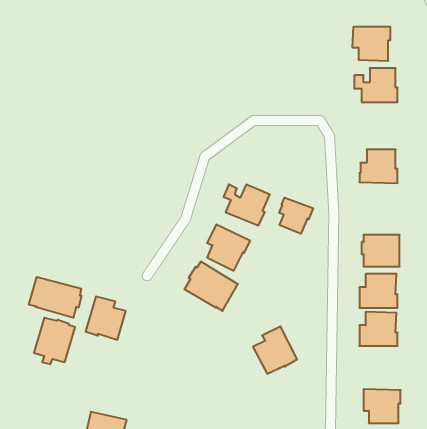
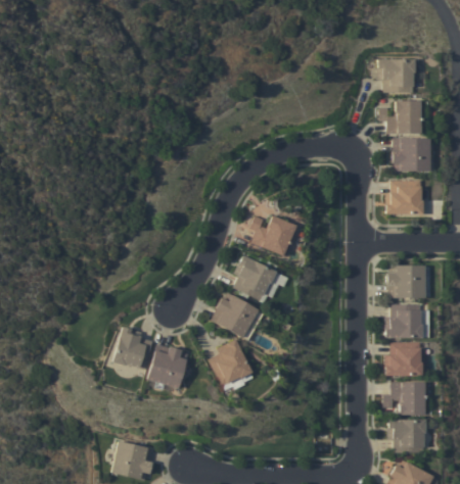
building: none -> [393,139,430,172]
building: [279,198,313,234] -> none
building: [29,277,81,318] -> none
building: [34,318,75,364] -> [147,344,188,390]
building: [253,326,297,374] -> [209,339,252,386]
building: none -> [383,382,427,415]

